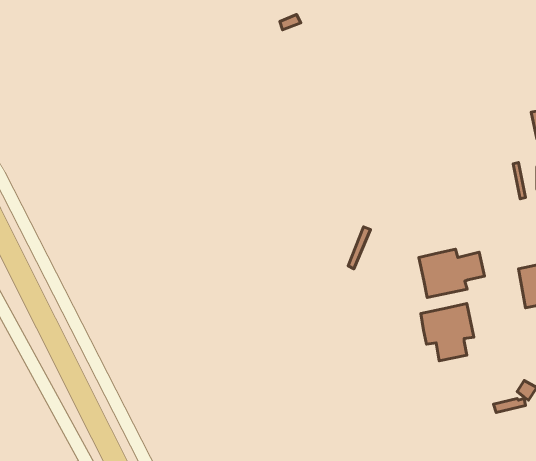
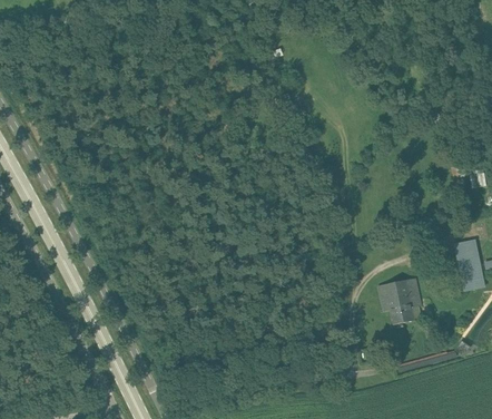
building: [419,249,485,298] -> none

